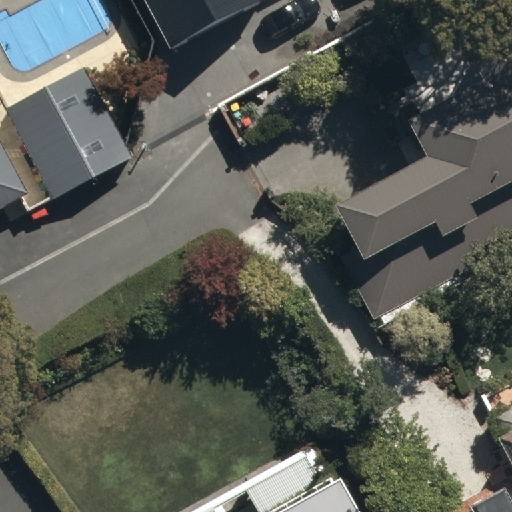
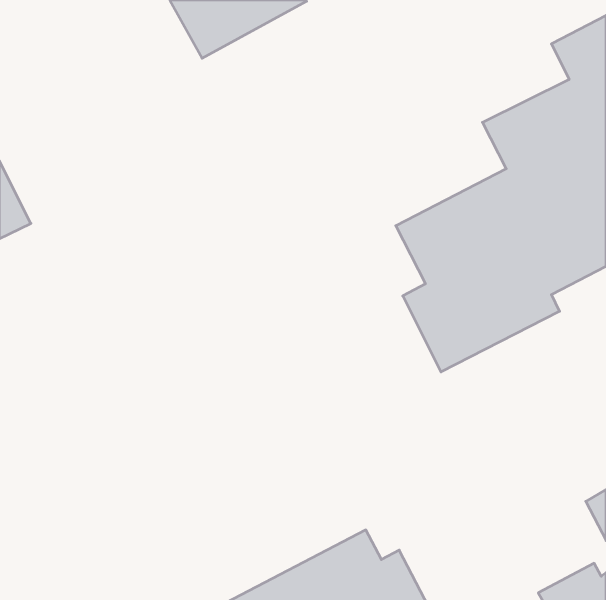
building: [4,68,131,199] -> none

